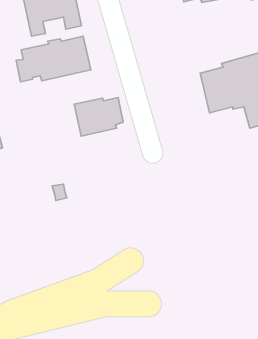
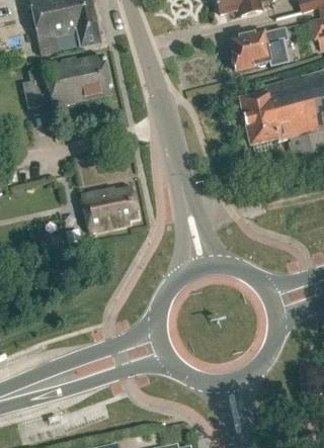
building: none -> [231,27,290,70]
building: [74,97,123,136] -> [81,187,139,233]

